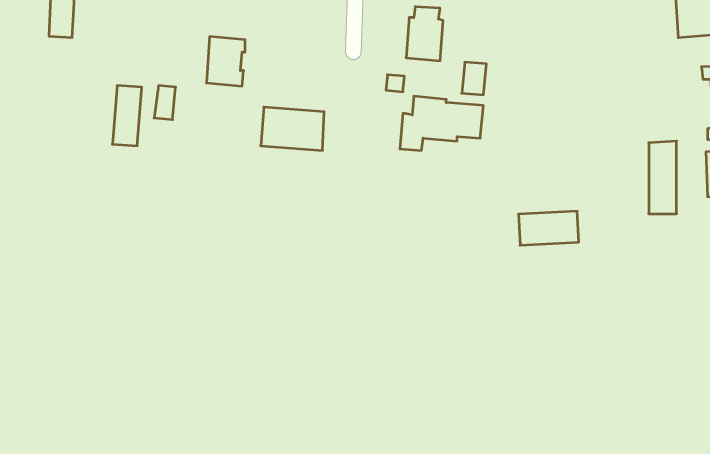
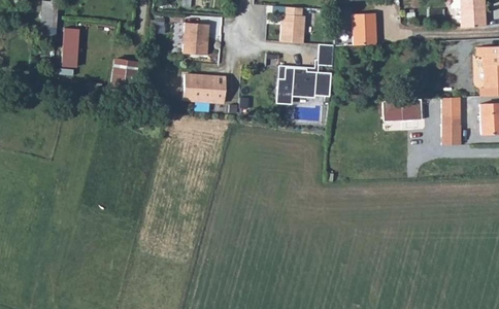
building: none -> [353,13,377,45]
building: [206,37,245,86] -> [184,23,209,56]
building: [112,86,142,146] -> [62,26,81,66]
building: [518,211,579,245] -> [382,99,423,122]

